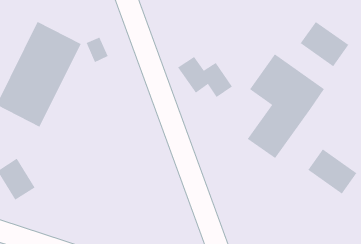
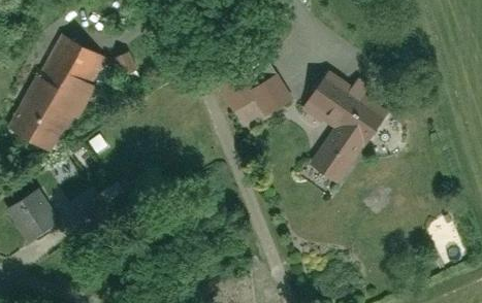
building: [300,21,349,67] -> none
building: [308,149,357,194] -> none

